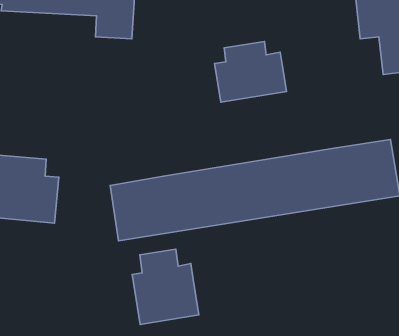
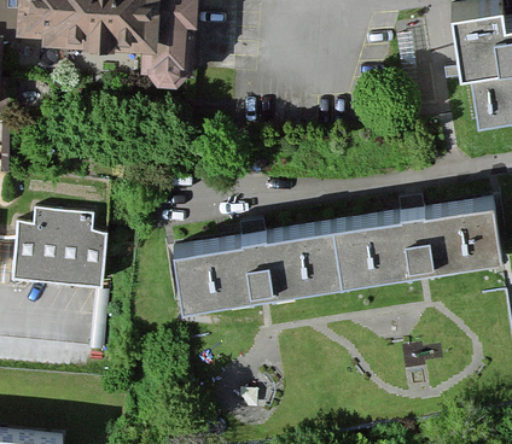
building: [215,42,287,102] -> none
building: [132,249,199,324] -> none

